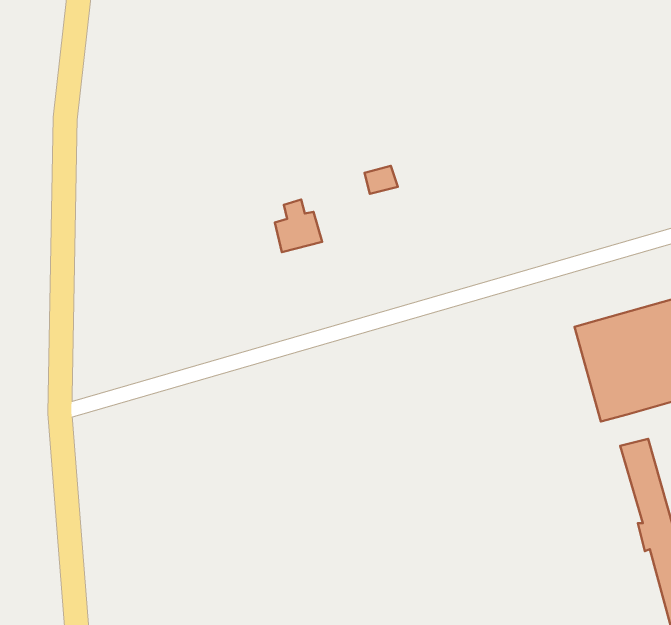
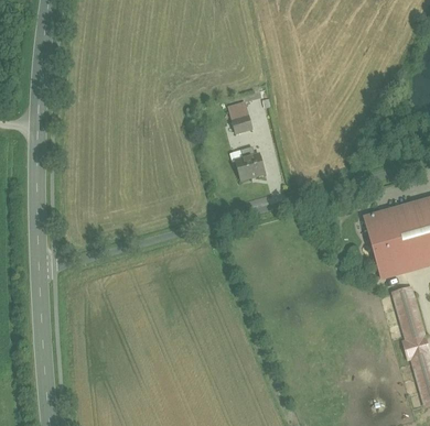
building: [275,200,322,252] -> [235,146,265,179]

